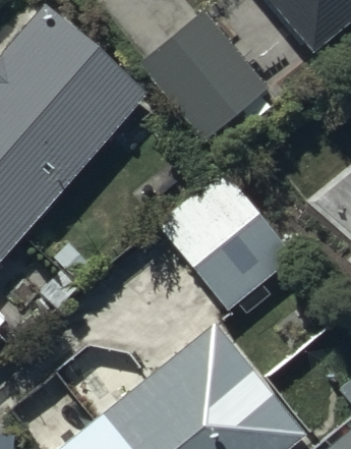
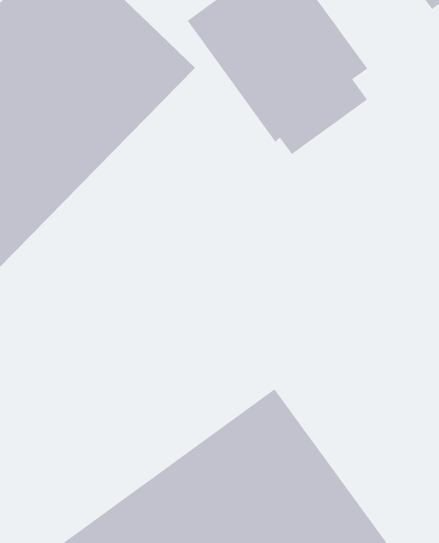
building: [155,170,292,308] -> none

